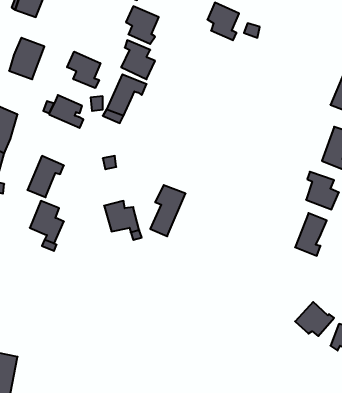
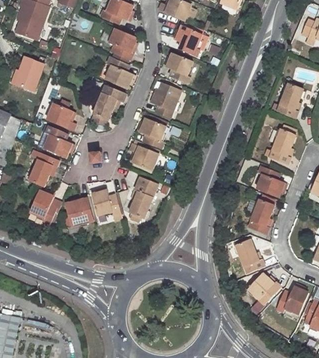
building: none -> [167,53,192,84]
building: [67,52,100,88] -> none
building: none -> [151,82,181,109]
building: none -> [139,118,165,149]
building: none -> [37,125,71,157]
building: none -> [129,143,158,170]
building: none -> [64,194,91,225]
building: none -> [235,239,265,272]

